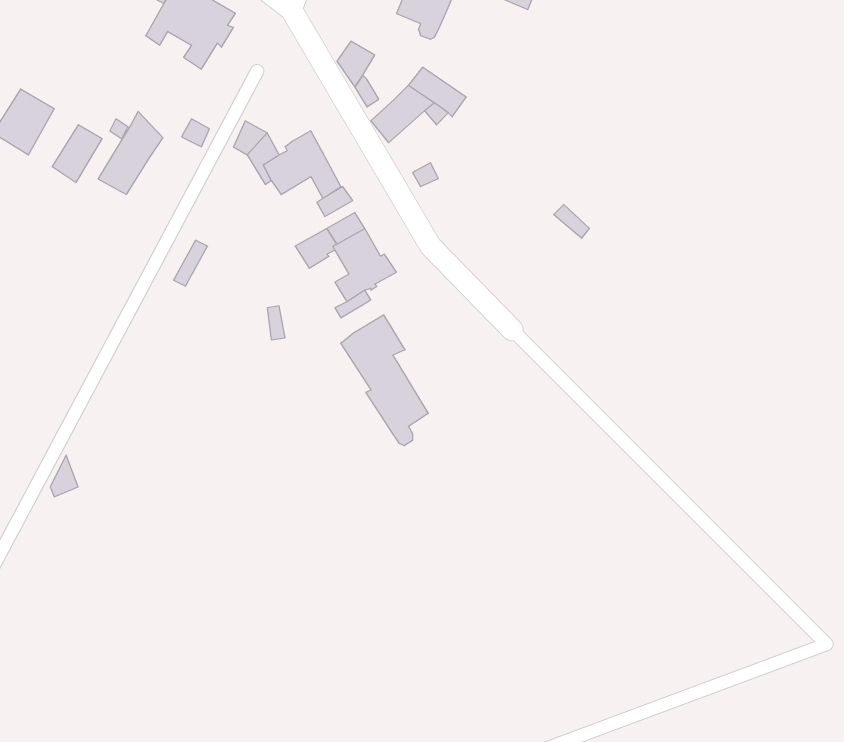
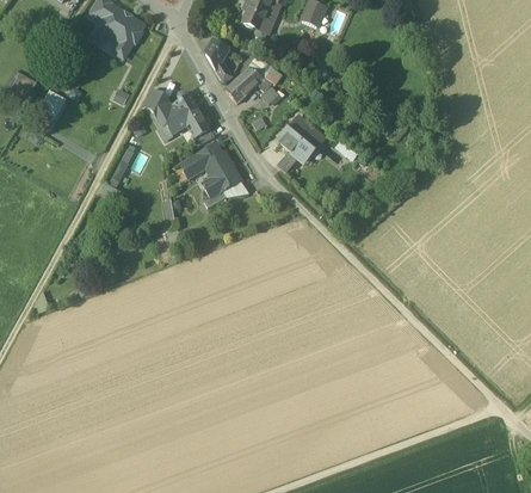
building: [98,111,163,194] -> none
building: none -> [277,121,322,160]
building: [341,315,428,446] -> none

